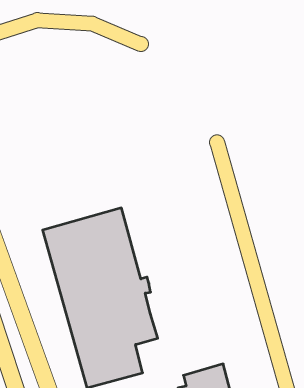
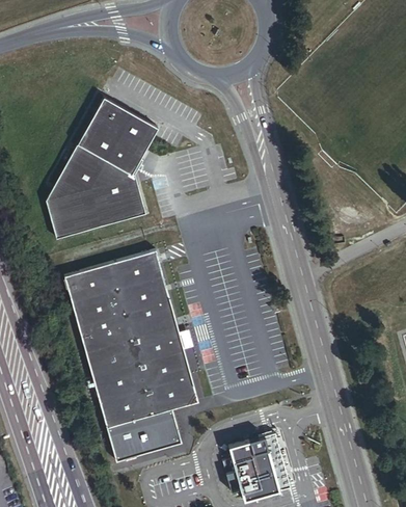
building: none -> [45,98,158,239]

